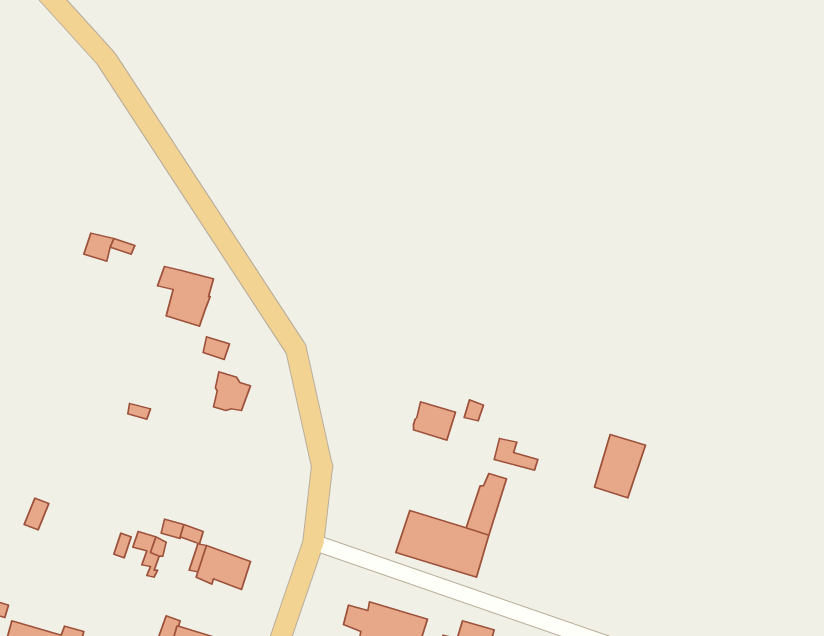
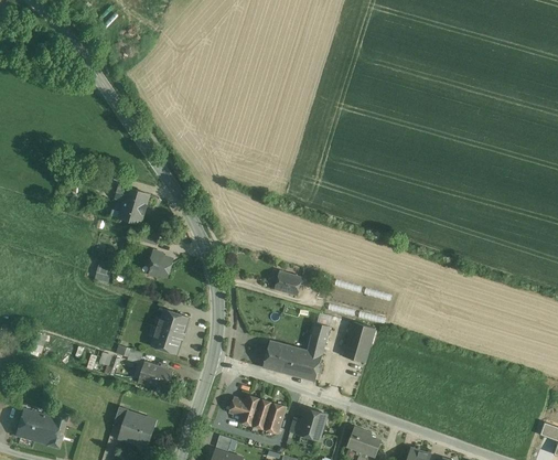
building: [595,435,645,498] -> [343,322,375,362]
building: none -> [150,309,187,355]

